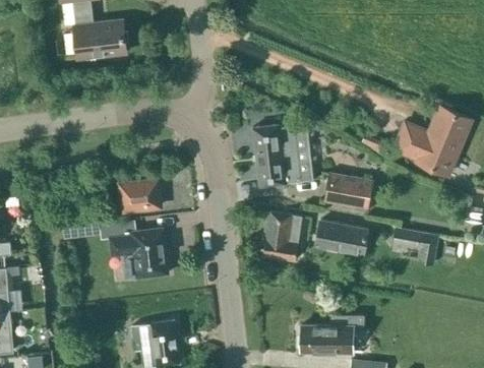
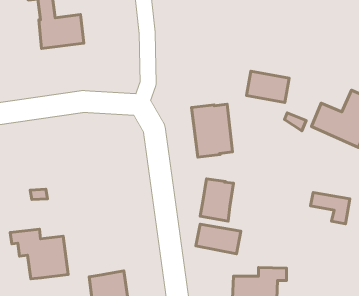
building: [324,173,374,209] -> [247,71,289,102]
building: [121,180,161,210] -> none
building: [101,221,169,279] -> [10,229,68,279]
building: [316,221,369,255] -> [196,224,241,254]

